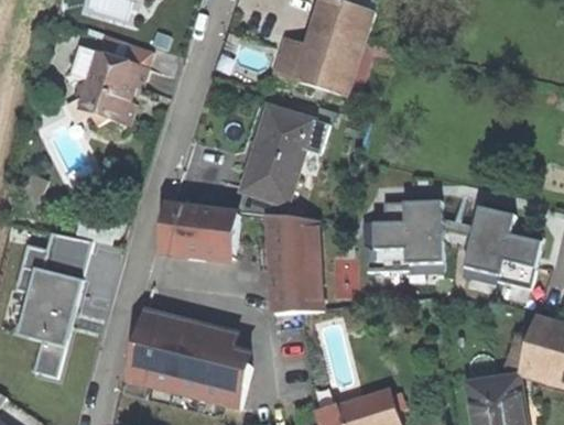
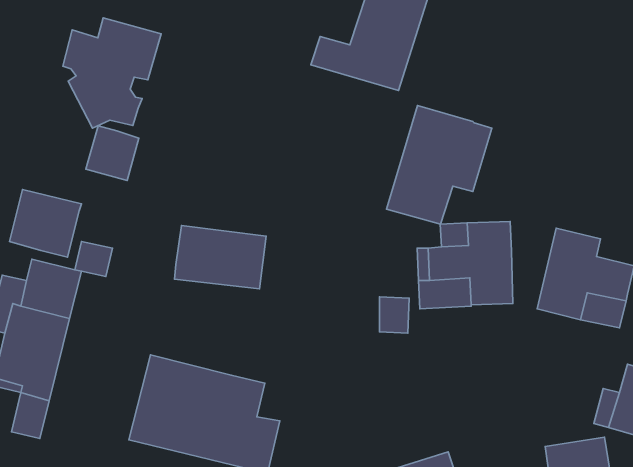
building: [242,105,328,201] -> [387,105,492,224]
building: none -> [86,126,139,180]
building: none -> [10,190,81,257]
building: [265,216,319,312] -> none

